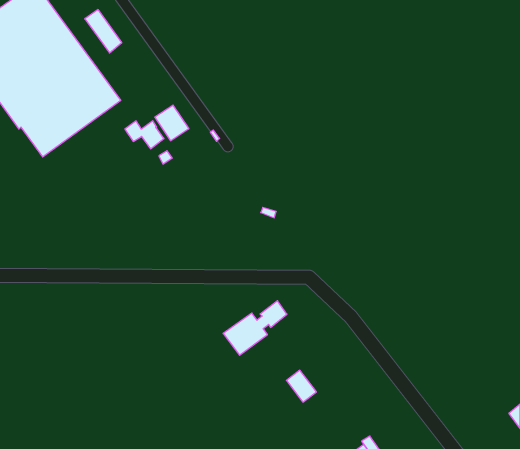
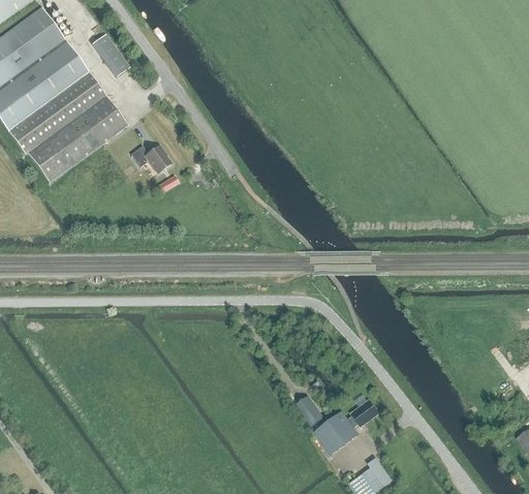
building: [155,105,189,141] -> none
building: [223,301,287,355] -> [313,399,377,454]

